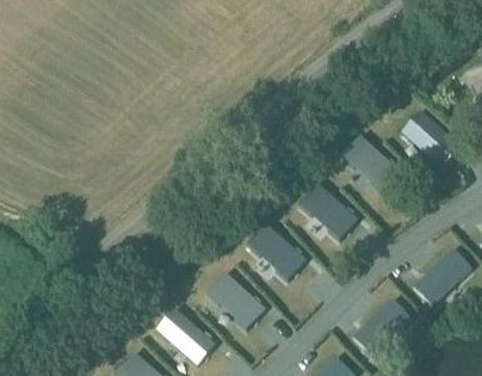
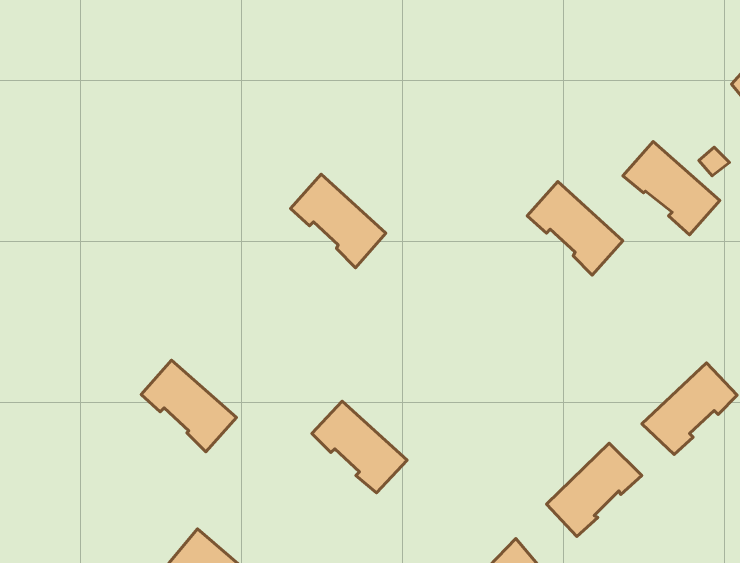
building: [297,184,357,241] -> none
building: [246,223,305,282] -> [291,174,386,268]
building: [155,308,215,365] -> [141,360,236,452]

